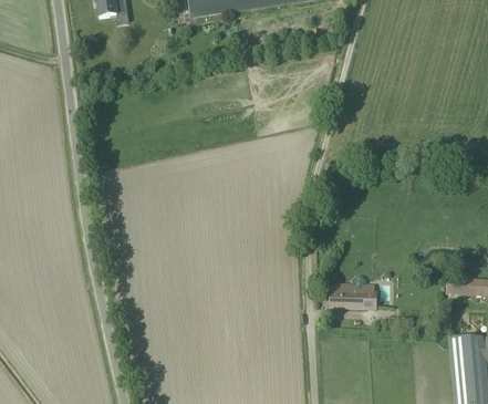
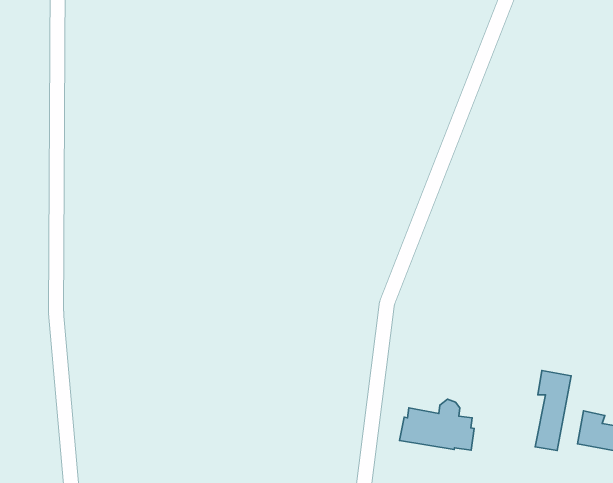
building: none -> [535,370,571,450]

